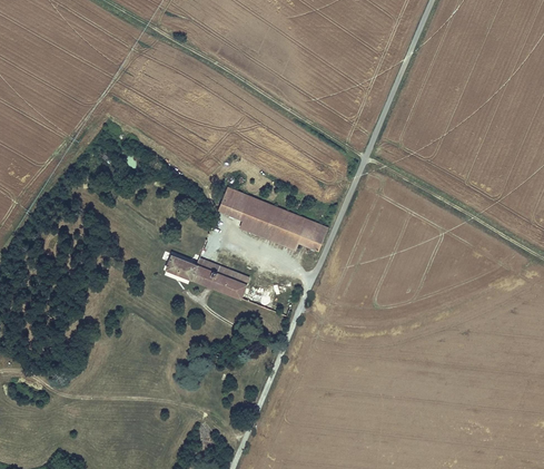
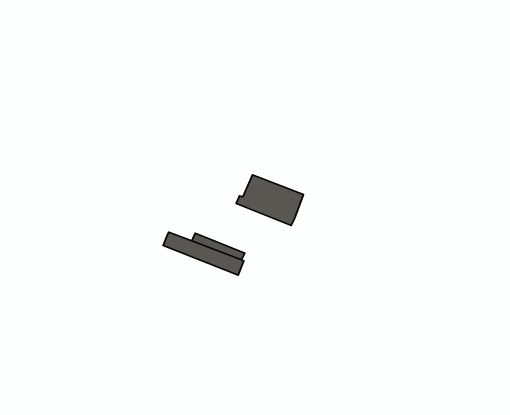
building: [218,187,256,221] -> none
building: [298,218,326,250] -> none

